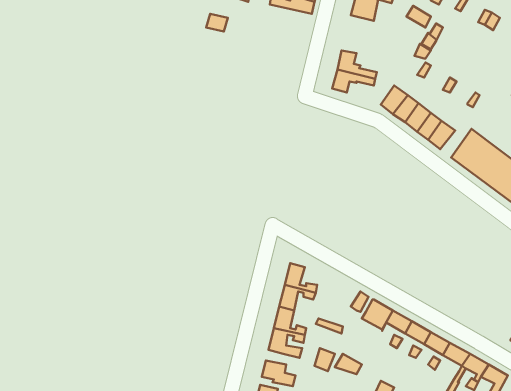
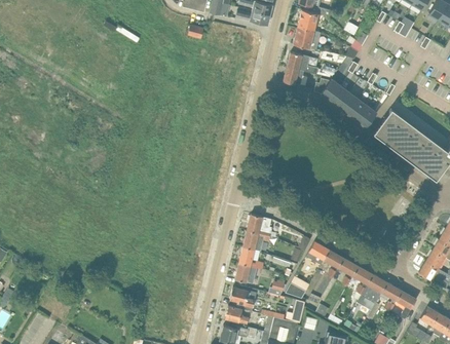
building: none -> [293,29,321,50]

